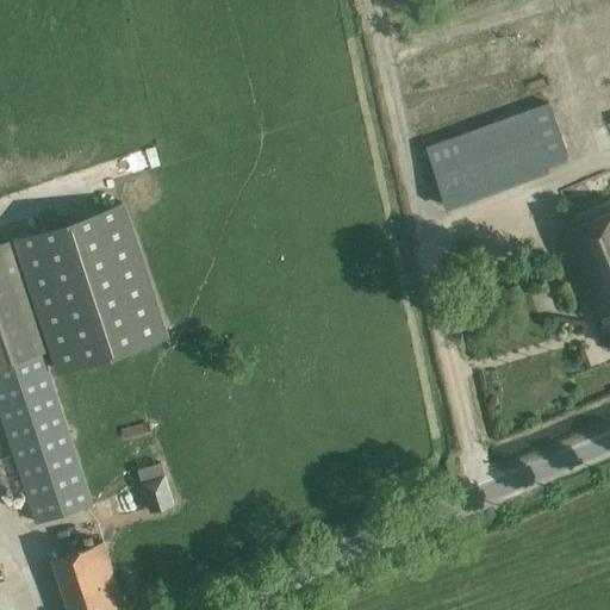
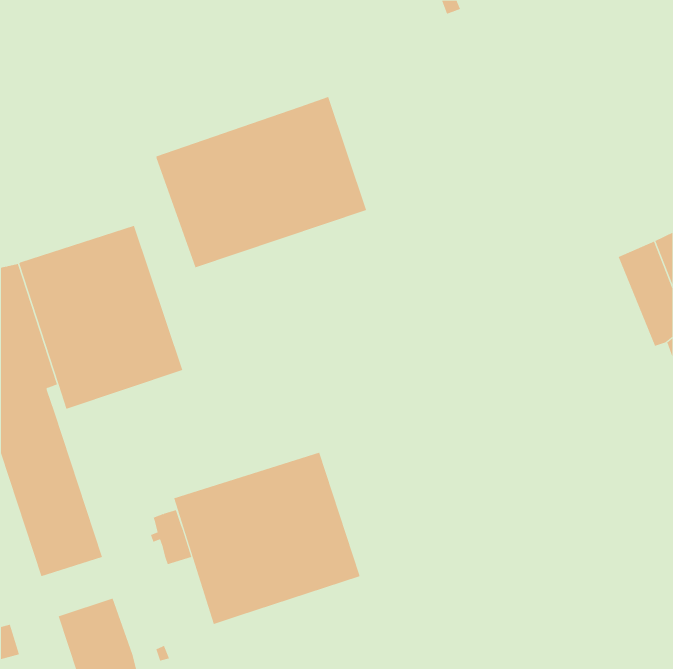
building: none -> [156,96,367,268]
building: [427,105,568,208] -> none
building: none -> [174,452,360,625]

